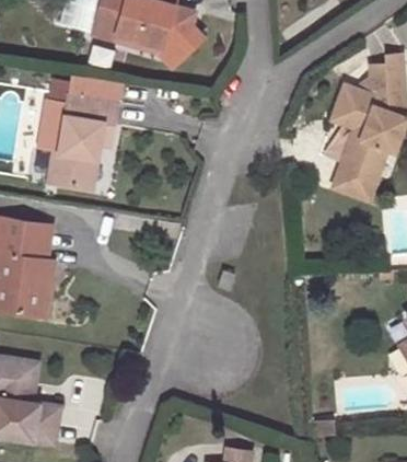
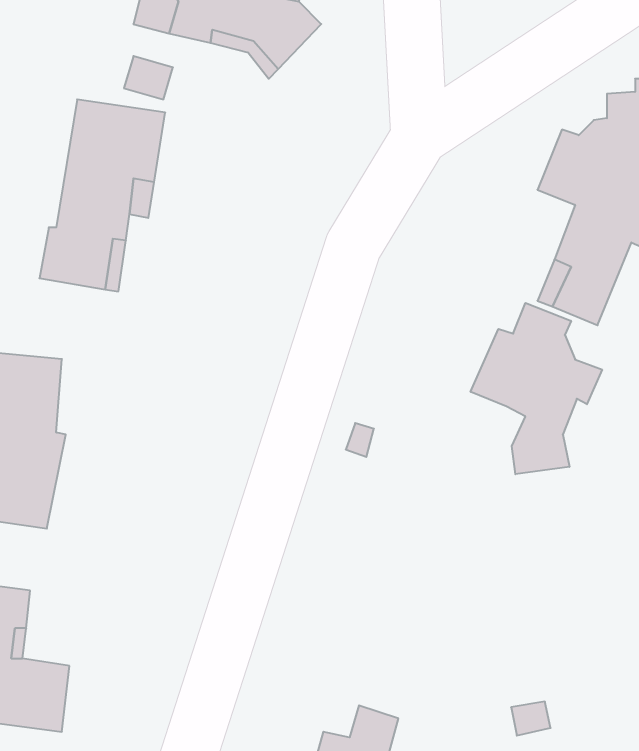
building: none -> [471,303,602,474]

